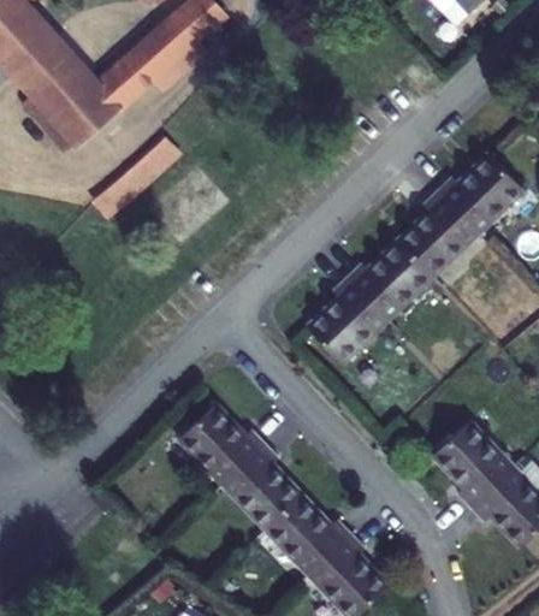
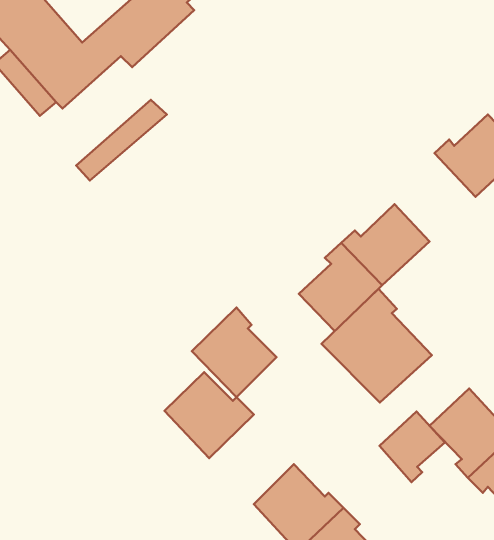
building: [401,190,479,276] -> none
building: none -> [322,289,432,403]
building: none -> [379,412,445,482]
building: [221,443,303,529] -> [192,307,276,397]

